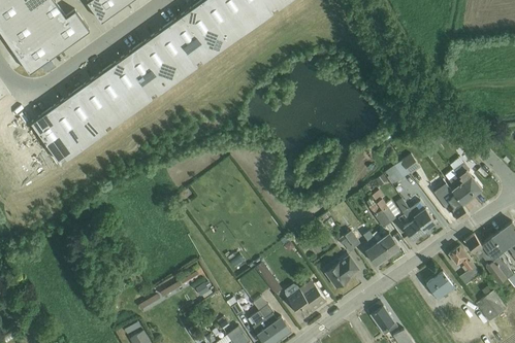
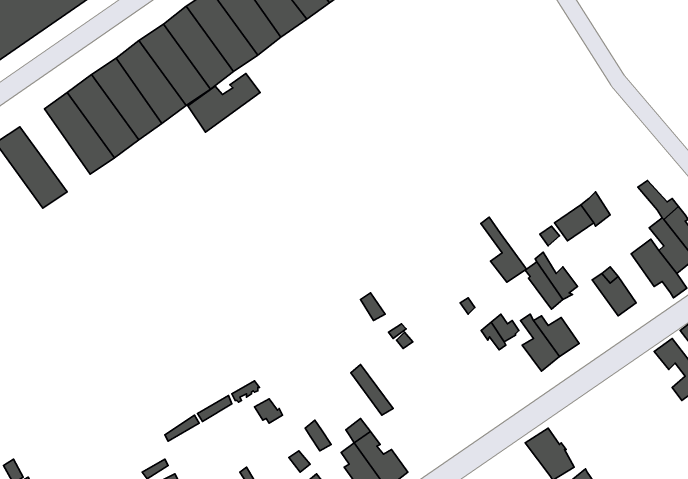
building: none -> [188,74,260,132]
building: [46,102,91,155] -> none
building: [396,200,425,241] -> [481,217,527,282]
building: [325,254,360,290] -> none
building: [425,271,454,300] -> none
building: [284,281,327,321] -> none

